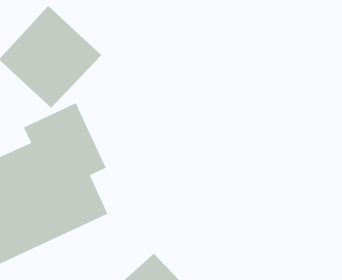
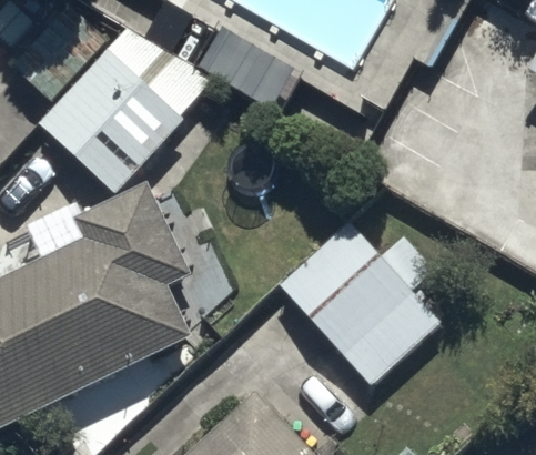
building: none -> [277,220,439,383]

